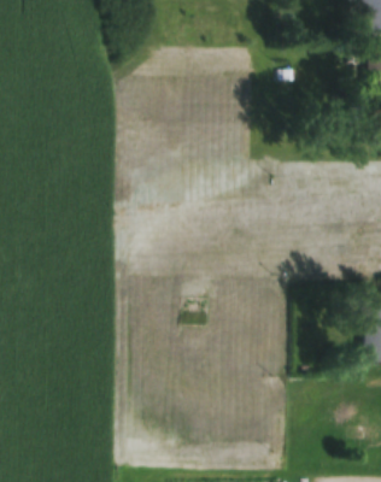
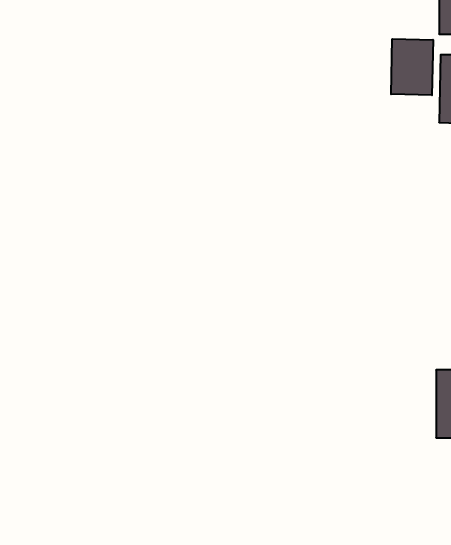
building: none -> [391,39,433,95]

